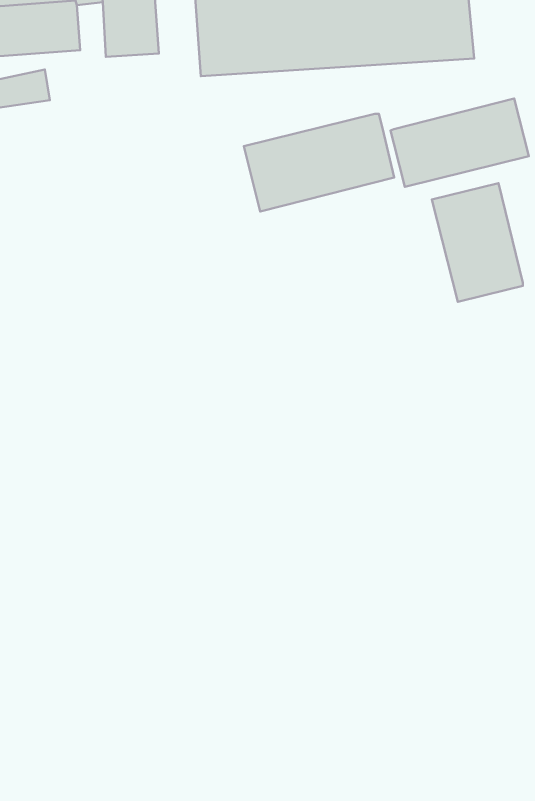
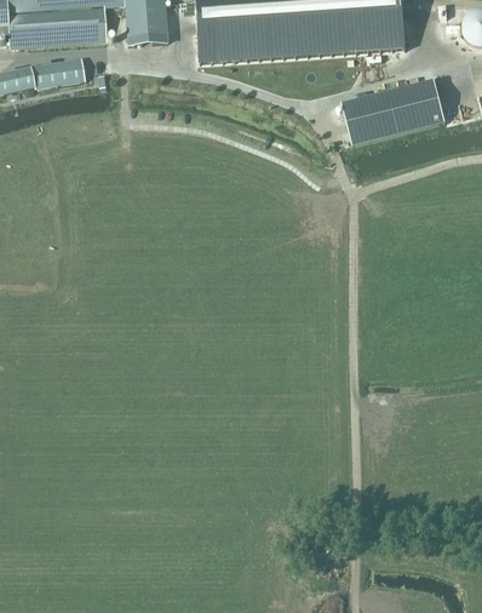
building: [244,114,394,211] -> none
building: [432,183,523,302] -> none

